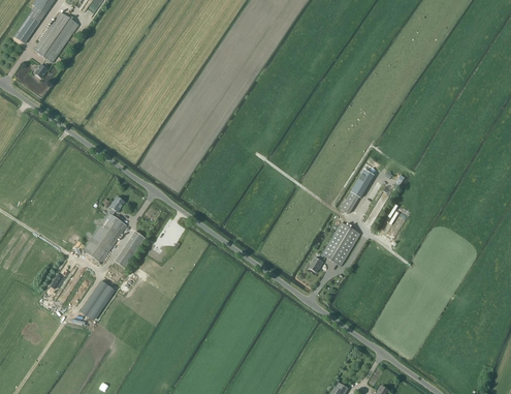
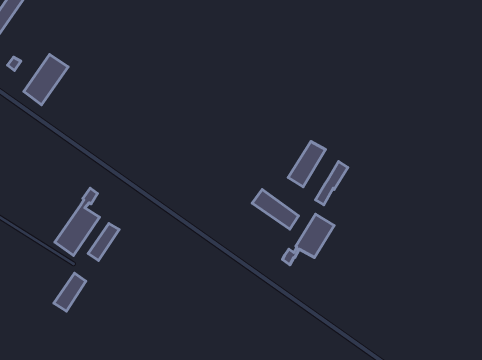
building: [35,11,79,62] -> [24,54,68,105]
building: none -> [288,141,325,187]
building: none -> [252,189,299,229]

